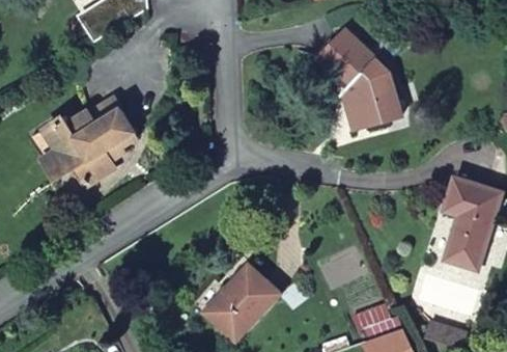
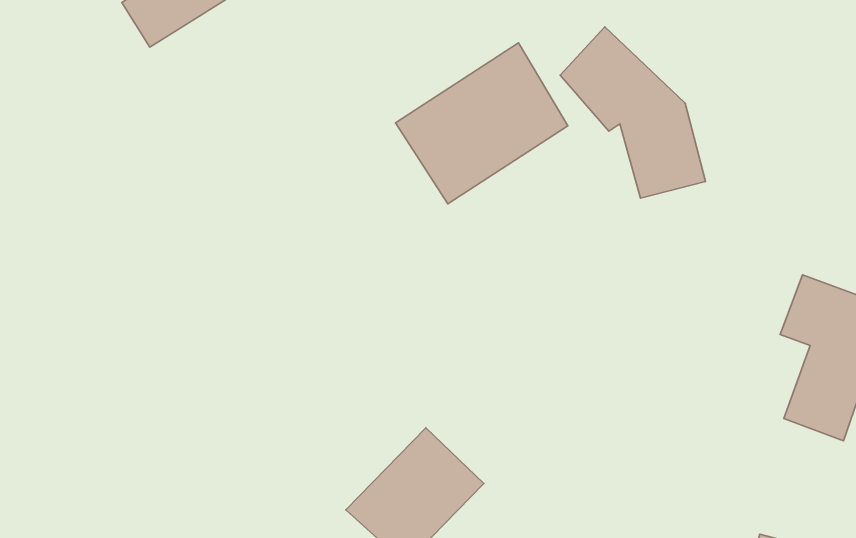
building: none -> [396,43,568,204]
building: [31,113,137,189] -> none

